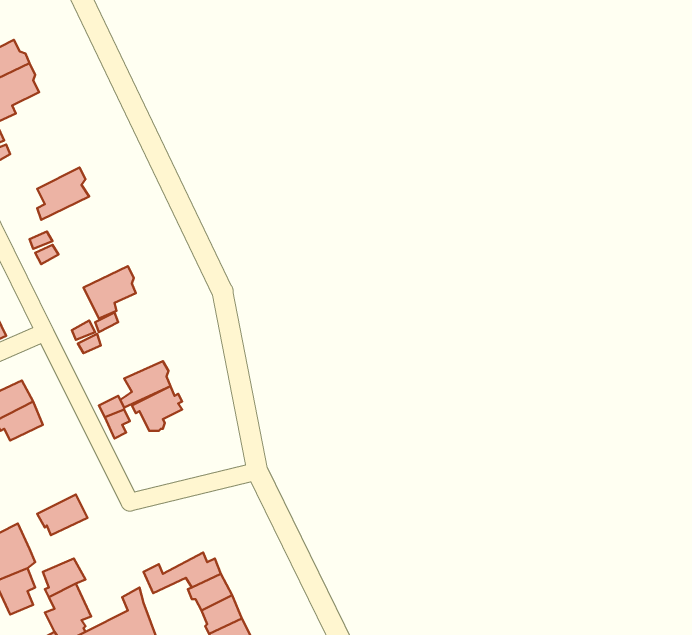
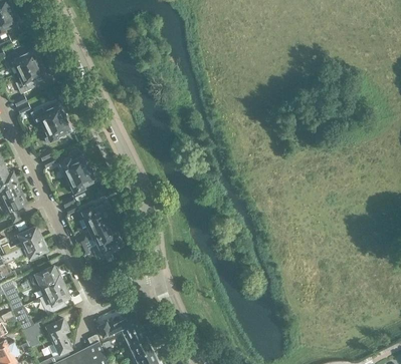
building: none -> [33,104,65,127]
building: none -> [59,155,90,178]
building: none -> [80,203,110,226]
building: none -> [33,266,63,296]

